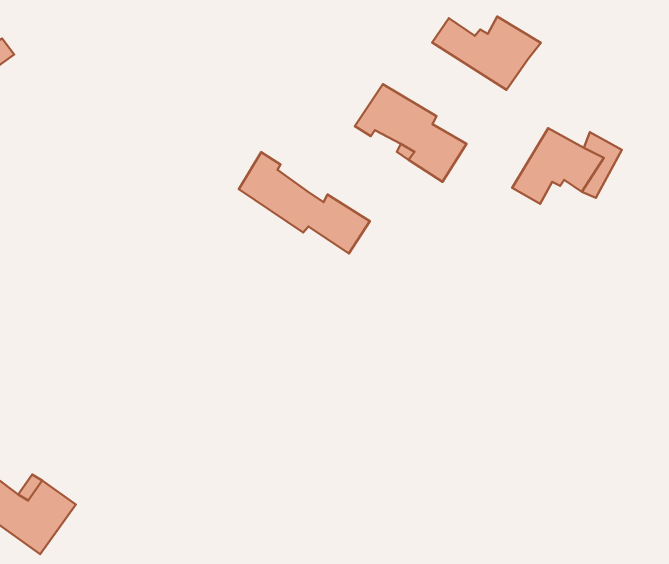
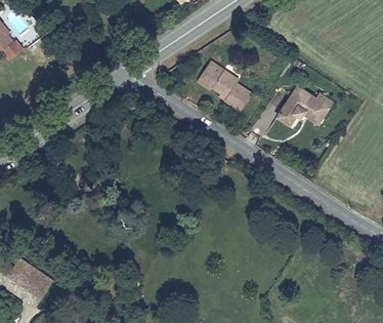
building: [432,17,541,90] -> none
building: [239,152,370,254] -> none

